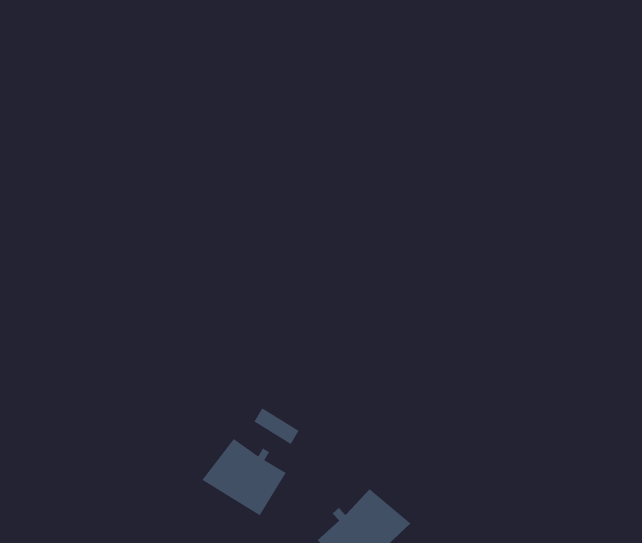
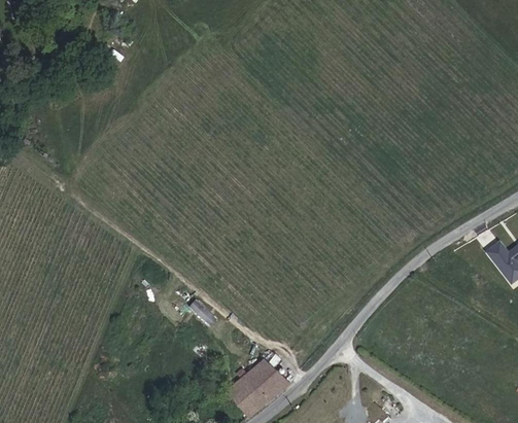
building: [202,438,286,516] -> none

